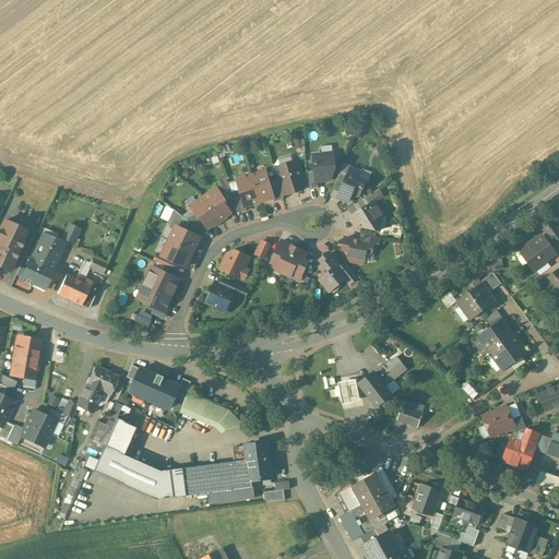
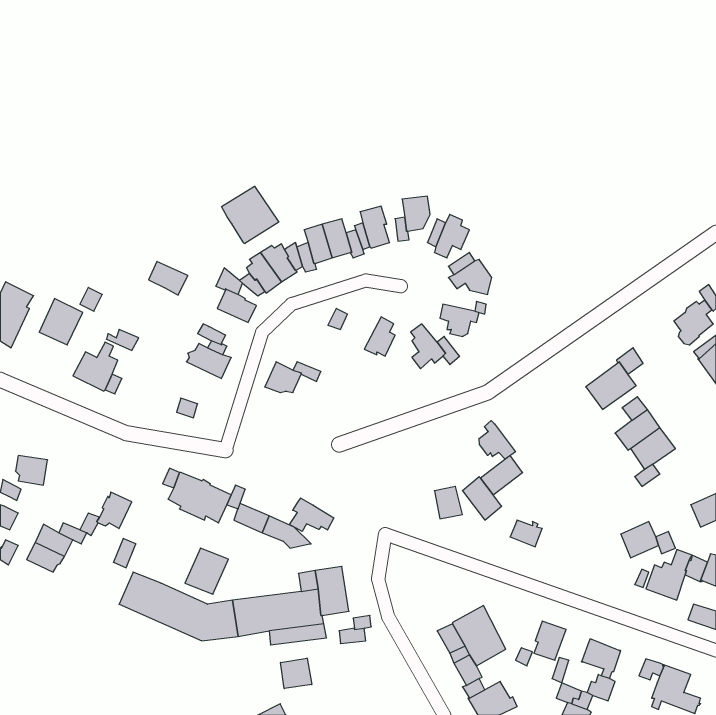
building: none -> [222,186,279,244]
building: [163,240,193,266] -> [149,261,188,295]
building: [271,242,297,272] -> none
building: [222,250,249,276] -> none
building: [20,259,53,287] -> none
building: [140,282,173,310] -> none
building: none -> [479,421,515,459]
building: [14,336,40,358] -> none
building: [86,364,119,394] -> none
building: none -> [289,498,334,531]
building: [104,418,138,454] -> [185,548,228,594]
building: none -> [281,658,312,689]

